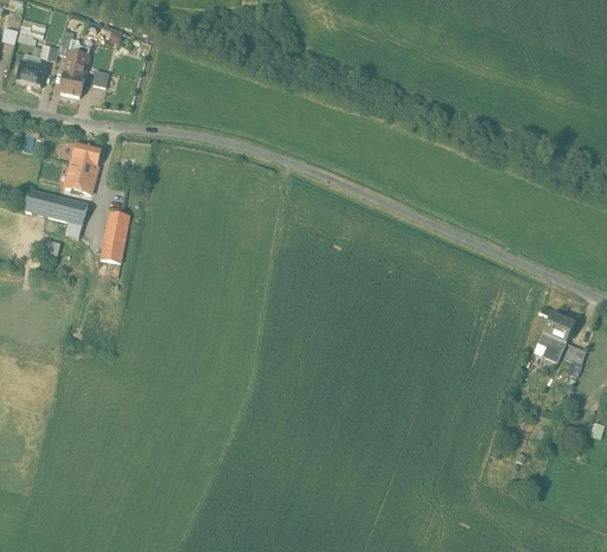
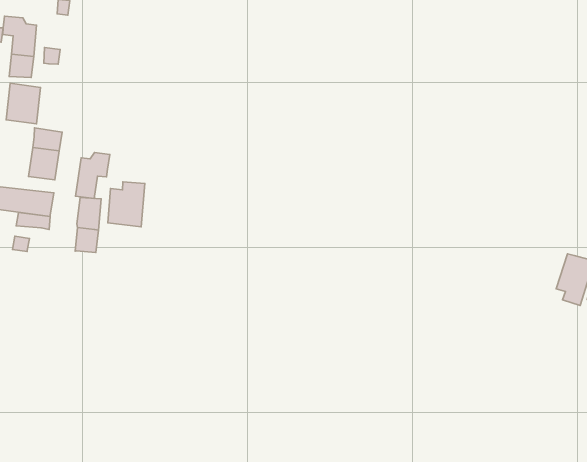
building: none -> [6,83,40,124]
building: none -> [75,152,110,198]
building: none -> [108,182,145,227]

